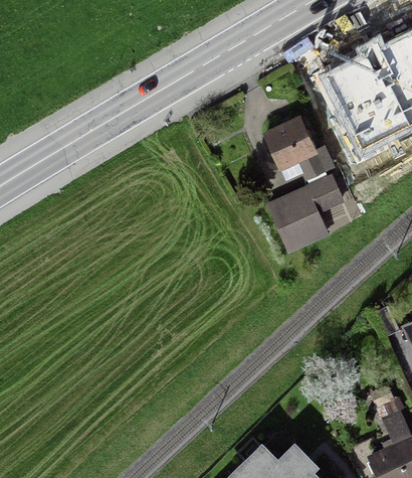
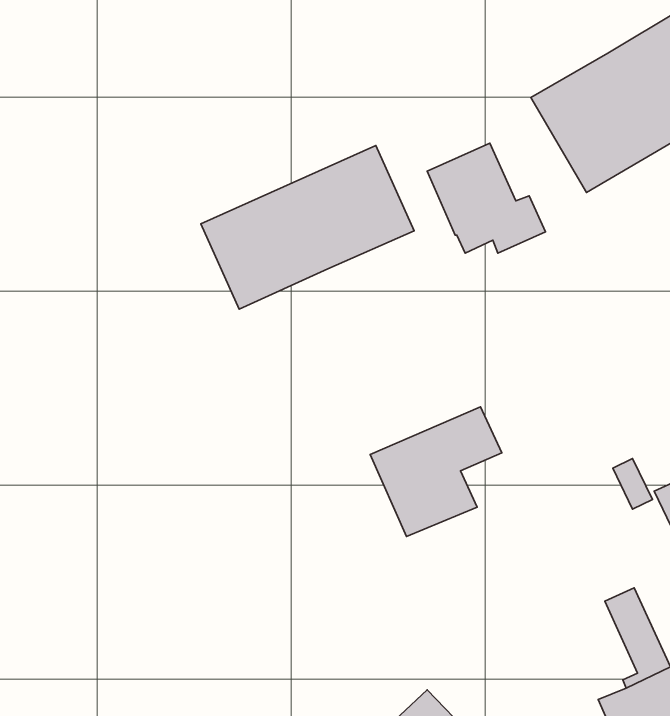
building: none -> [201,146,414,309]
building: [265,174,346,254] -> [370,407,502,537]

